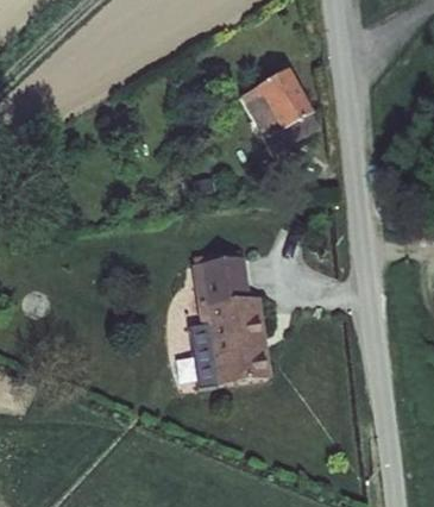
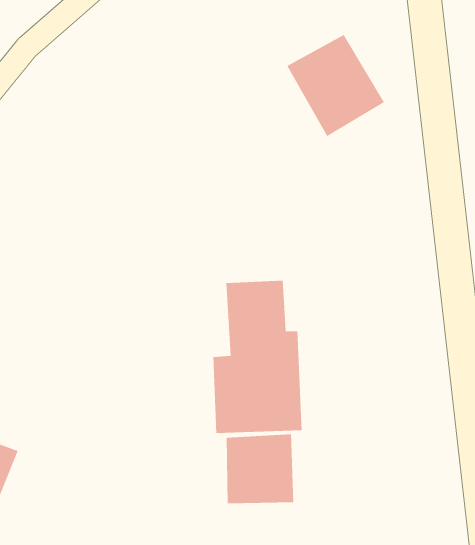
building: none -> [226,434,294,504]

